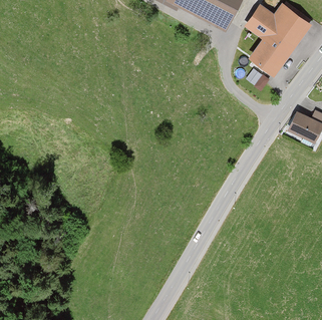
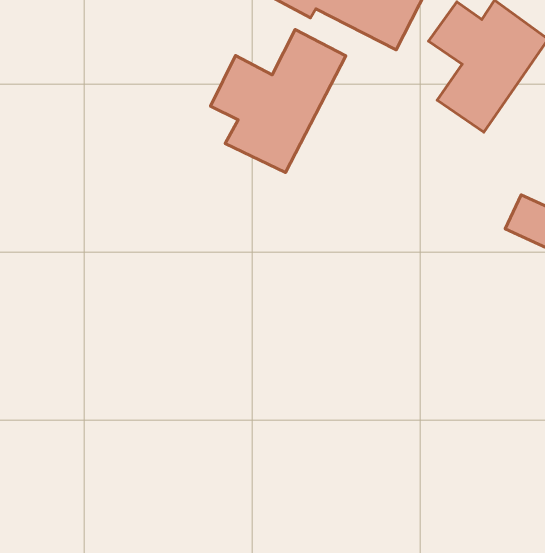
building: none -> [211,30,346,173]

